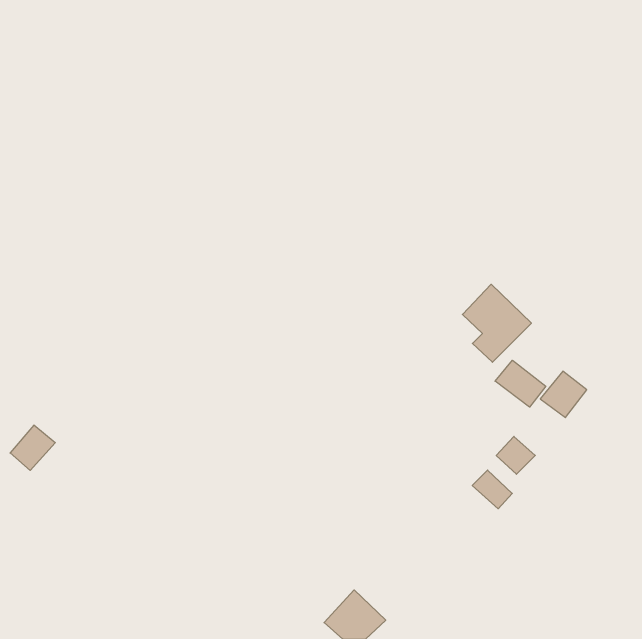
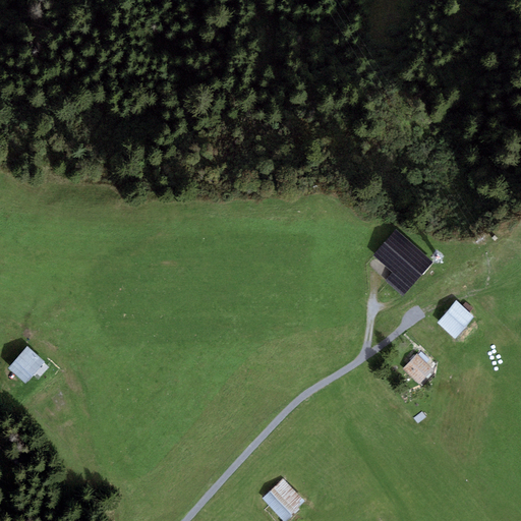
building: [495,360,546,407] -> none
building: [472,470,512,509] -> none

